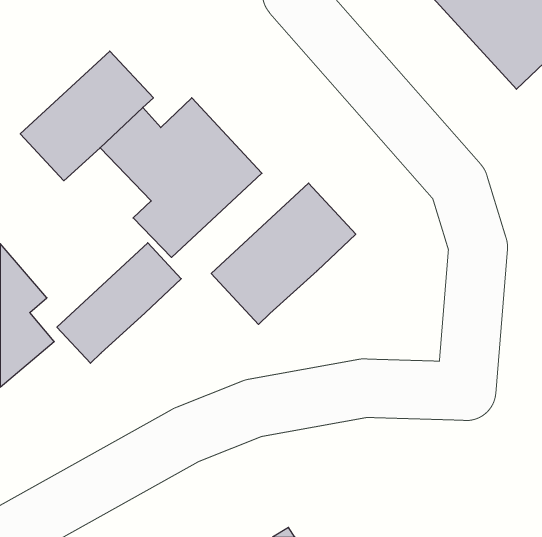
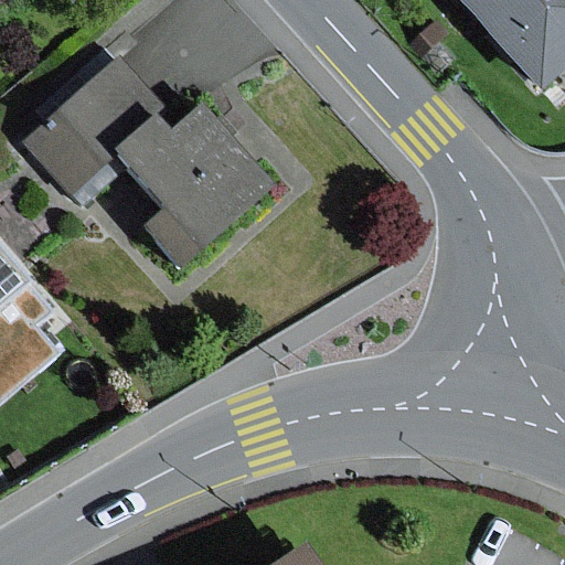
building: [211,183,356,324] -> none
building: [57,243,181,363] -> none

